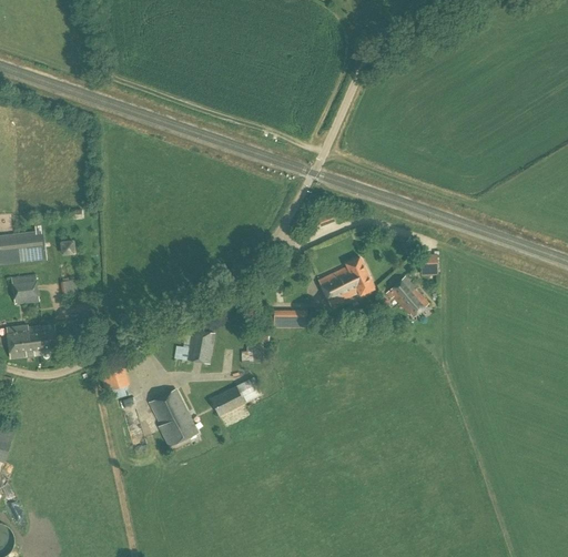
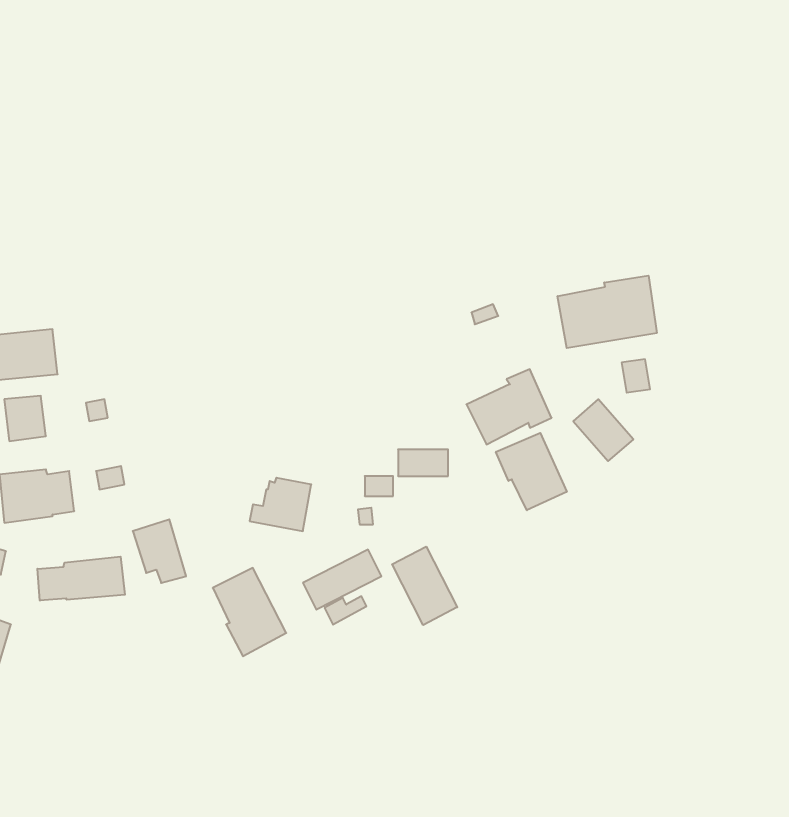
building: none -> [558,276,657,348]
building: none -> [496,433,567,510]
building: none -> [392,547,457,625]
building: none -> [37,557,125,601]

